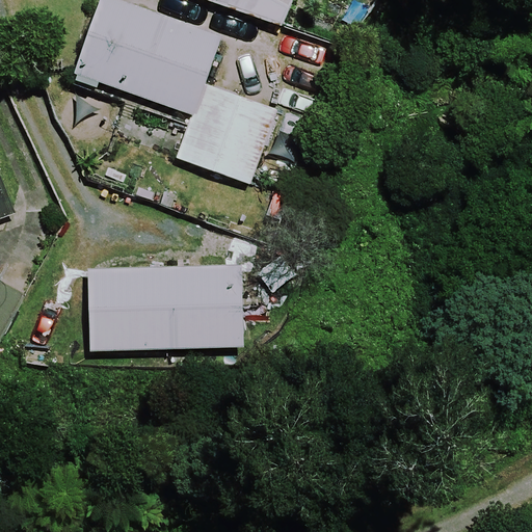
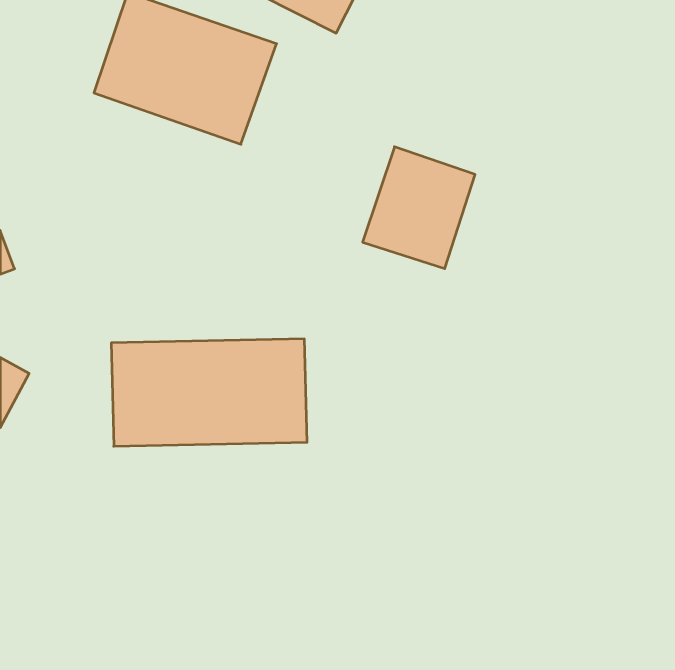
building: [178,84,266,180] -> [363,147,475,269]

